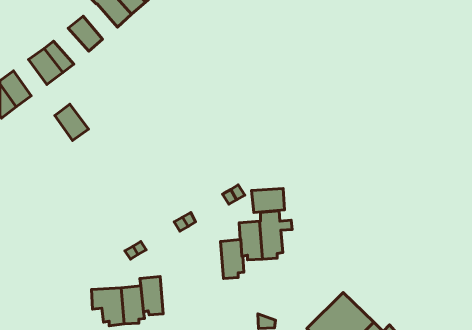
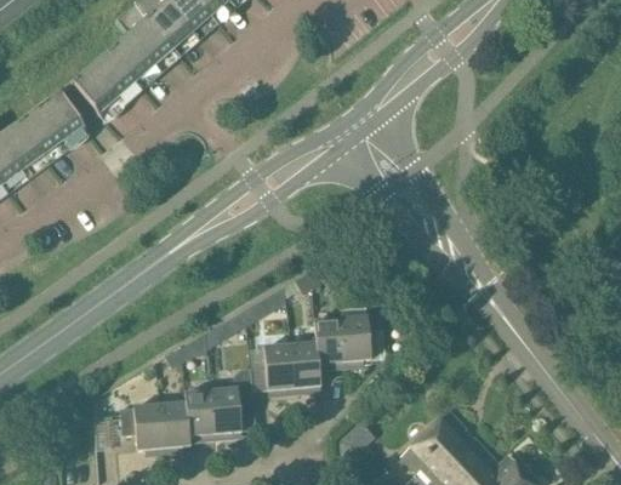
building: none -> [109,35,154,81]
building: none -> [70,67,116,114]
building: [55,104,88,140] -> [18,108,62,155]
building: [252,188,285,212] -> none
building: none -> [262,346,292,396]
building: none -> [210,367,253,440]

